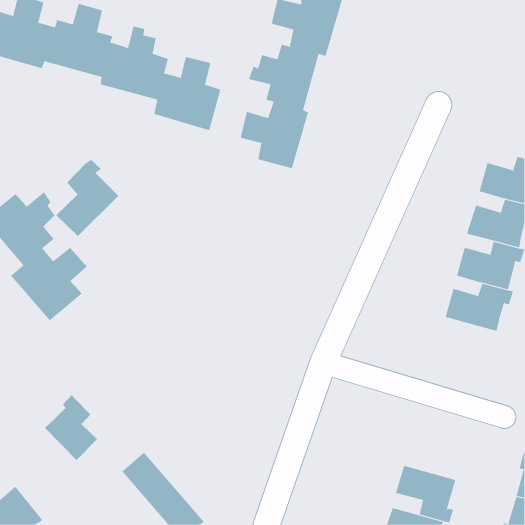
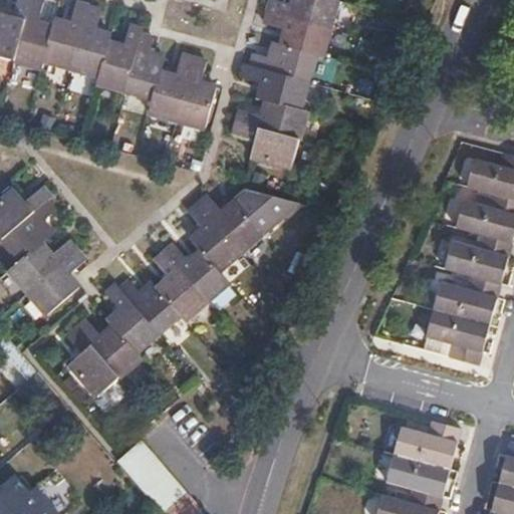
building: [56,159,119,237] -> none
building: none -> [68,189,301,396]
building: none -> [427,309,497,365]
building: [44,394,98,461] -> none
building: none -> [394,421,462,468]

